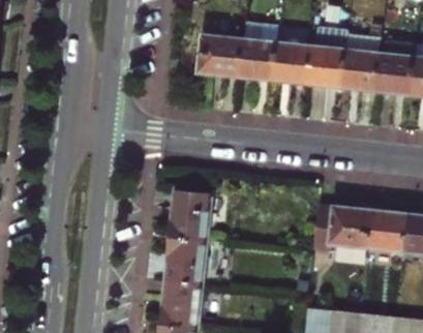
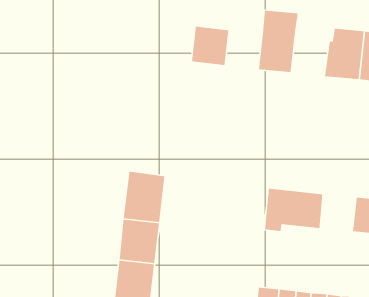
building: [341,29,383,91] -> none
building: [198,34,242,75] -> none
building: [273,42,311,84] -> none
building: [371,212,409,251] -> none

